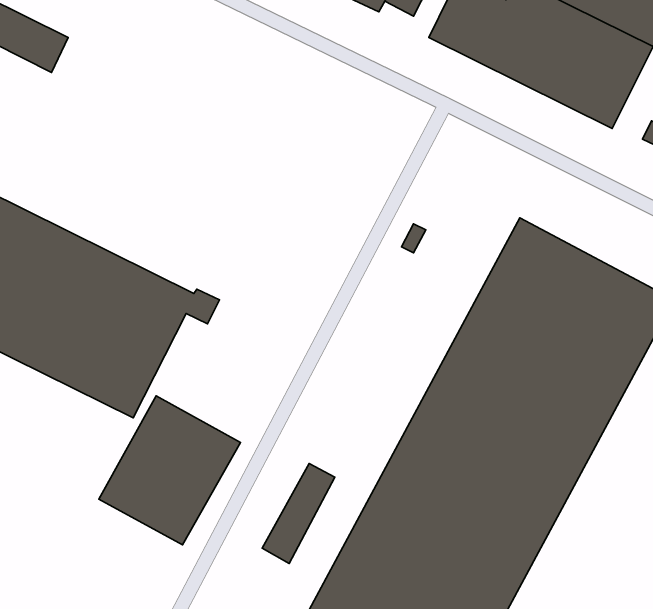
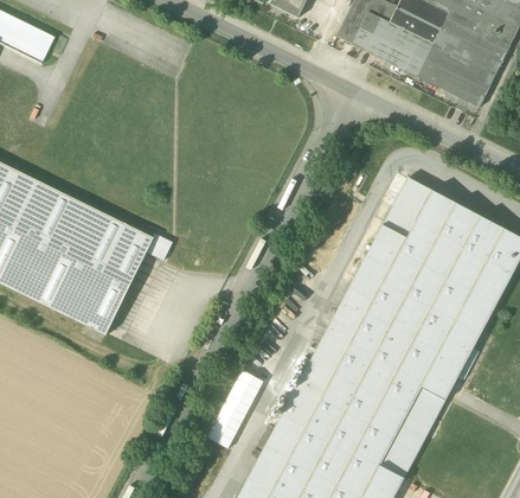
building: [99,396,240,545] -> none

